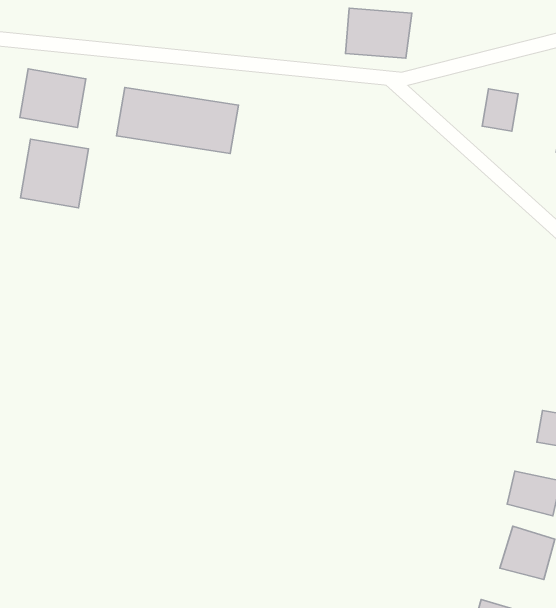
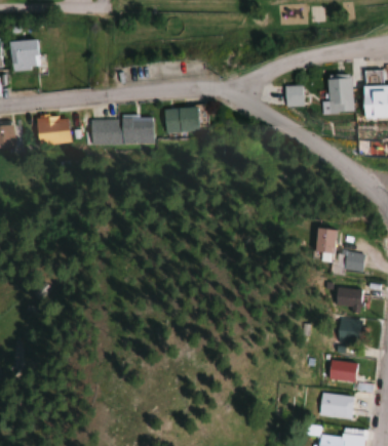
building: [345,8,412,58] -> [165,106,200,133]
building: [20,139,89,208] -> none
building: none -> [314,227,337,258]

